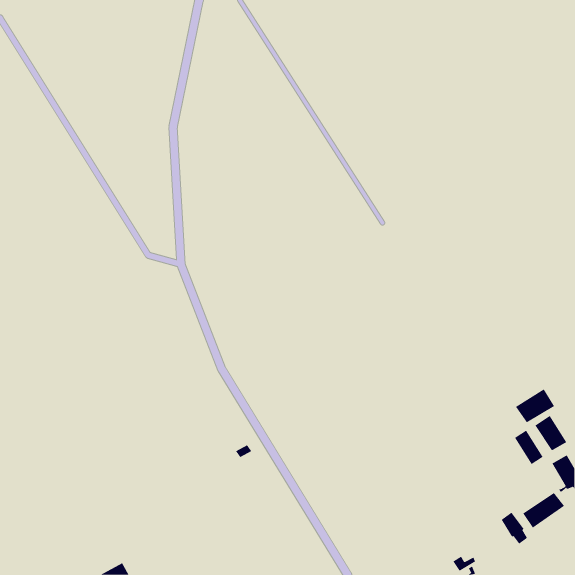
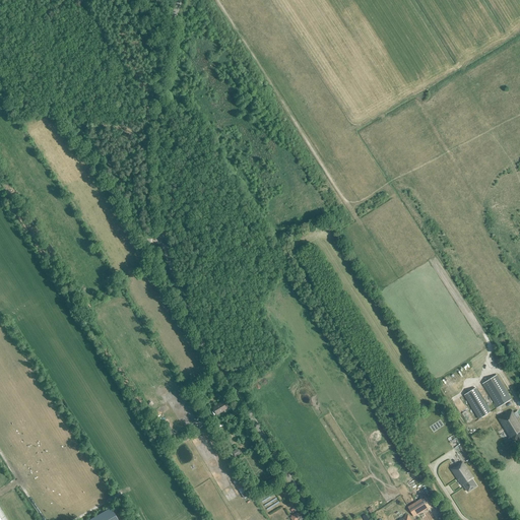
building: [515,389,555,423] -> none
building: [523,492,565,528] -> none

